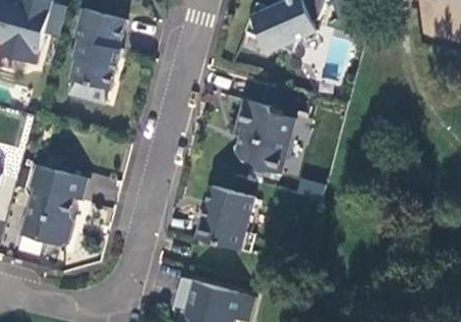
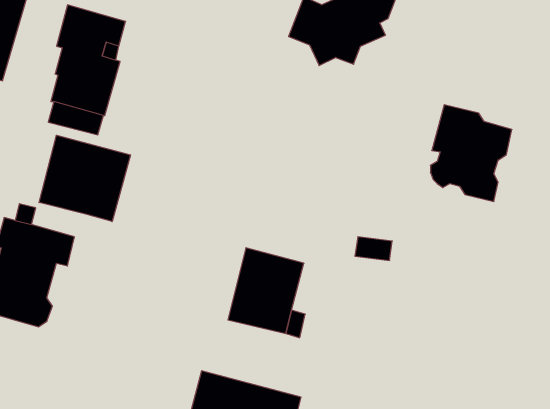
building: [234,100,294,171] -> [430,105,512,201]
building: none -> [39,135,131,222]

